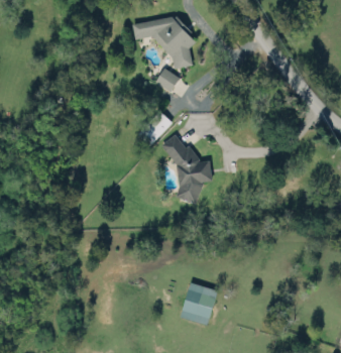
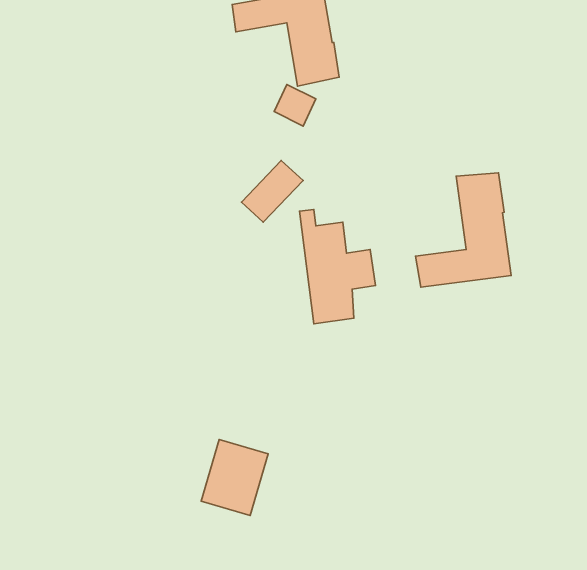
building: none -> [416,173,511,287]
building: [181,282,218,325] -> [201,439,268,516]

